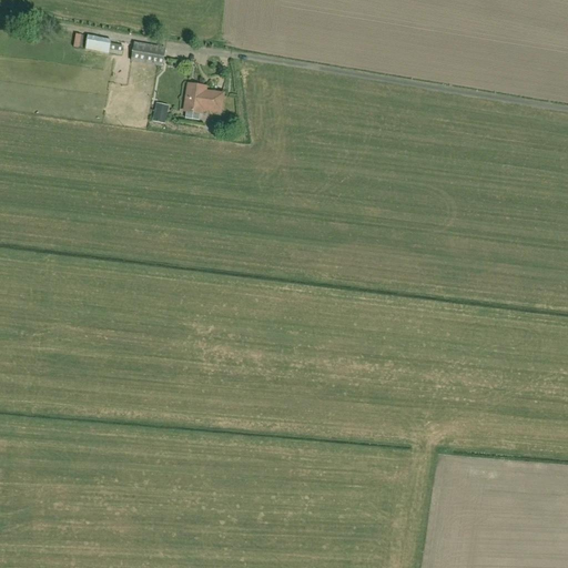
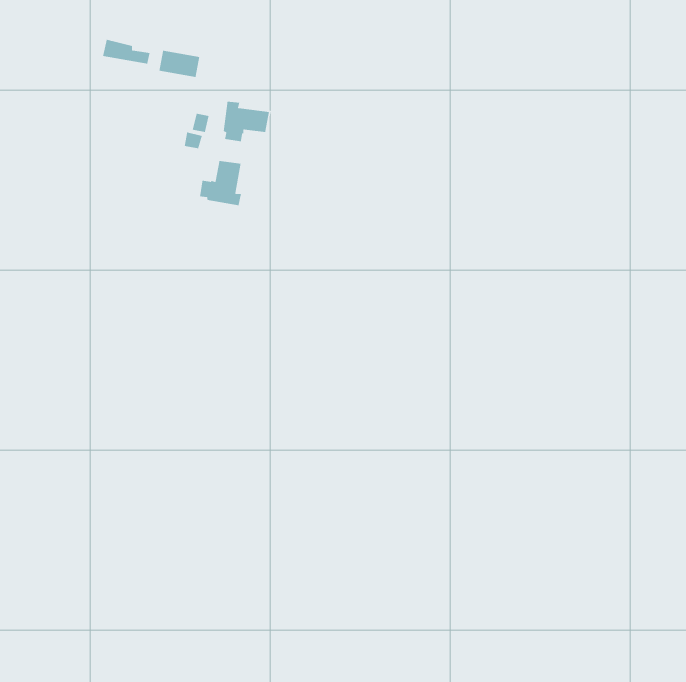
building: none -> [199,160,242,206]

